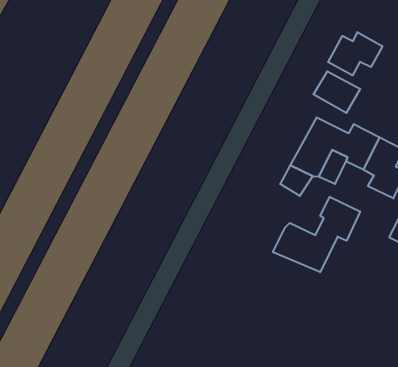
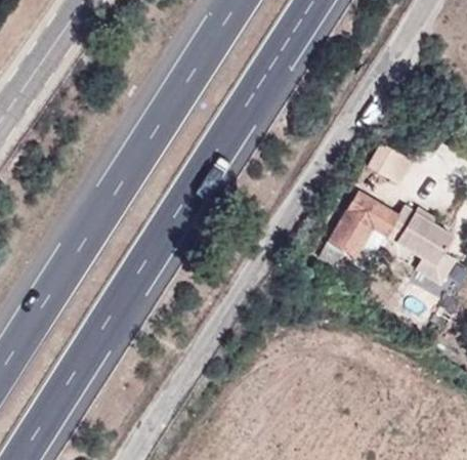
building: [328,32,382,75] -> none
building: [273,197,360,272] -> none

